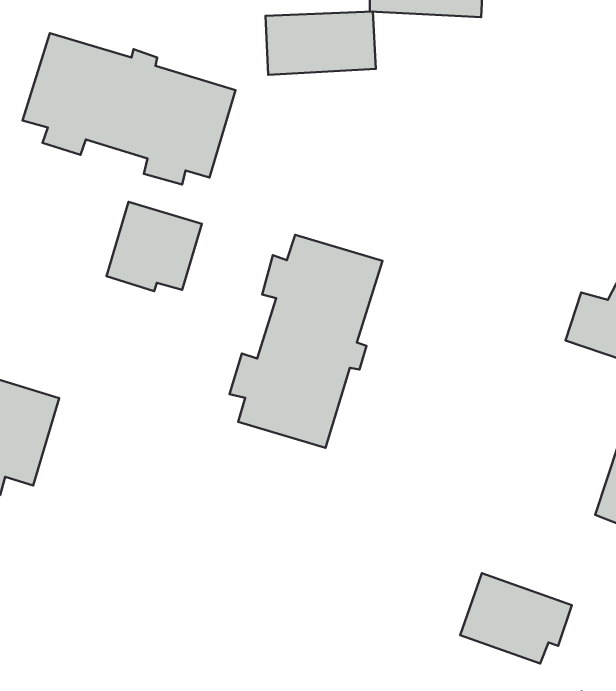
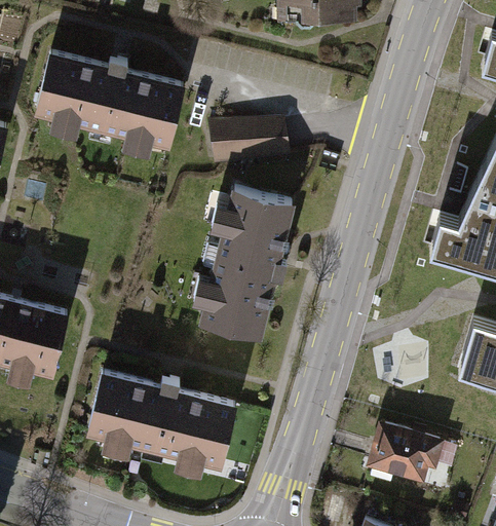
building: [265,12,376,75] -> [208,116,290,165]
building: [106,202,202,291] -> none
building: none -> [86,370,238,475]

